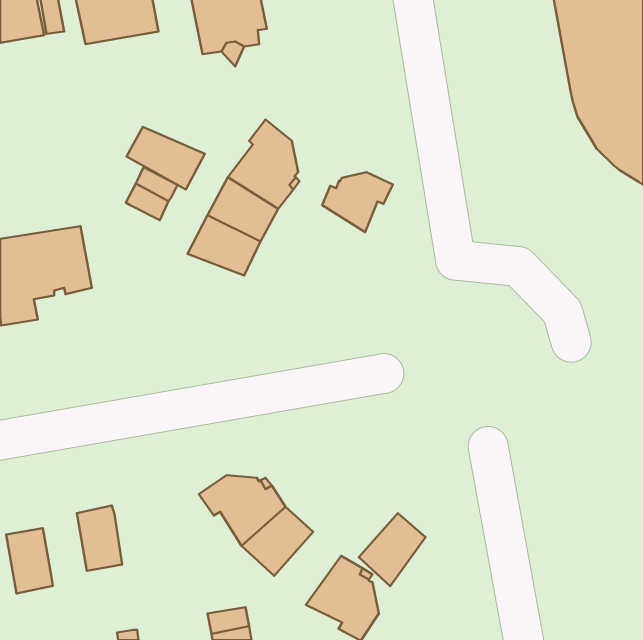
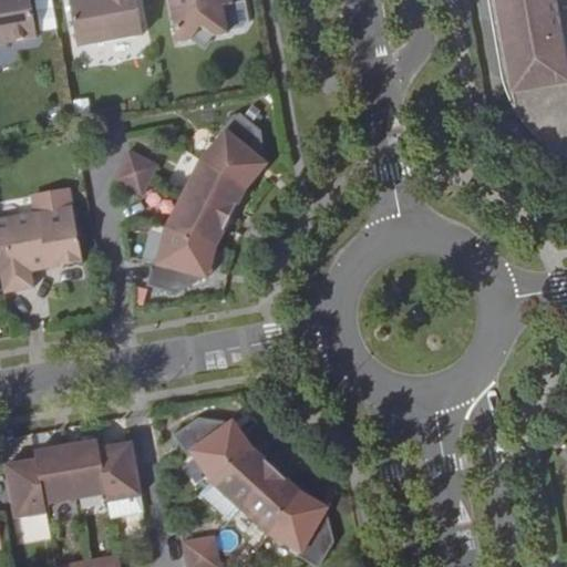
building: [126,127,205,190] -> none
building: [322,172,393,232] -> none
building: none -> [145,224,215,288]
building: none -> [101,447,142,505]
building: none -> [37,452,76,508]
building: [359,513,425,586] -> [241,468,300,533]

